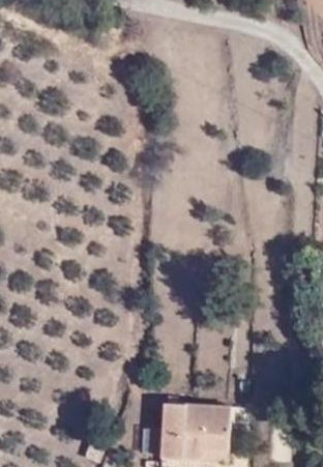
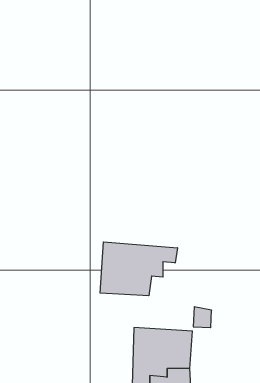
building: none -> [100,242,177,296]

